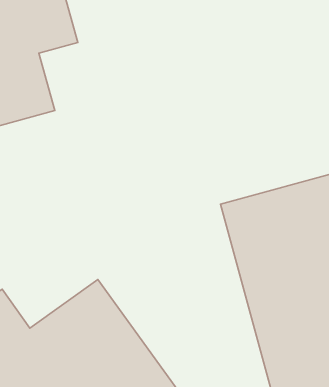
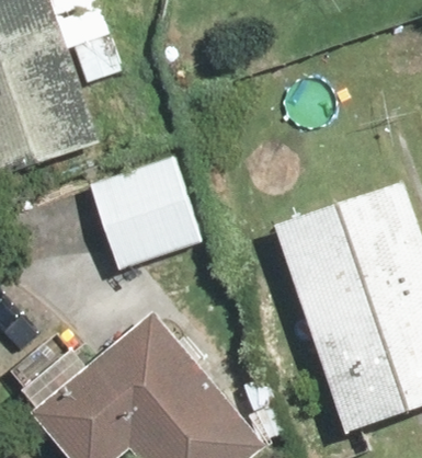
building: none -> [87,151,204,267]

